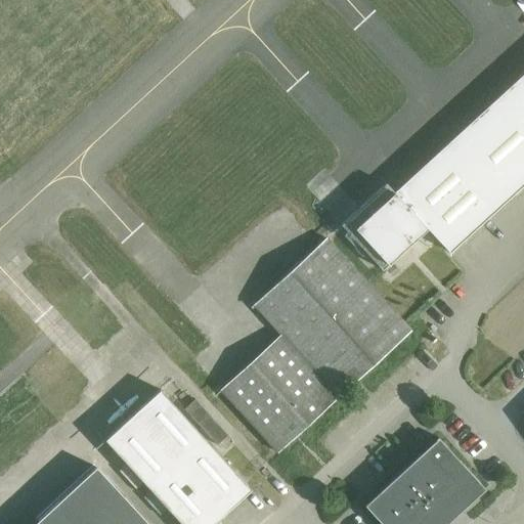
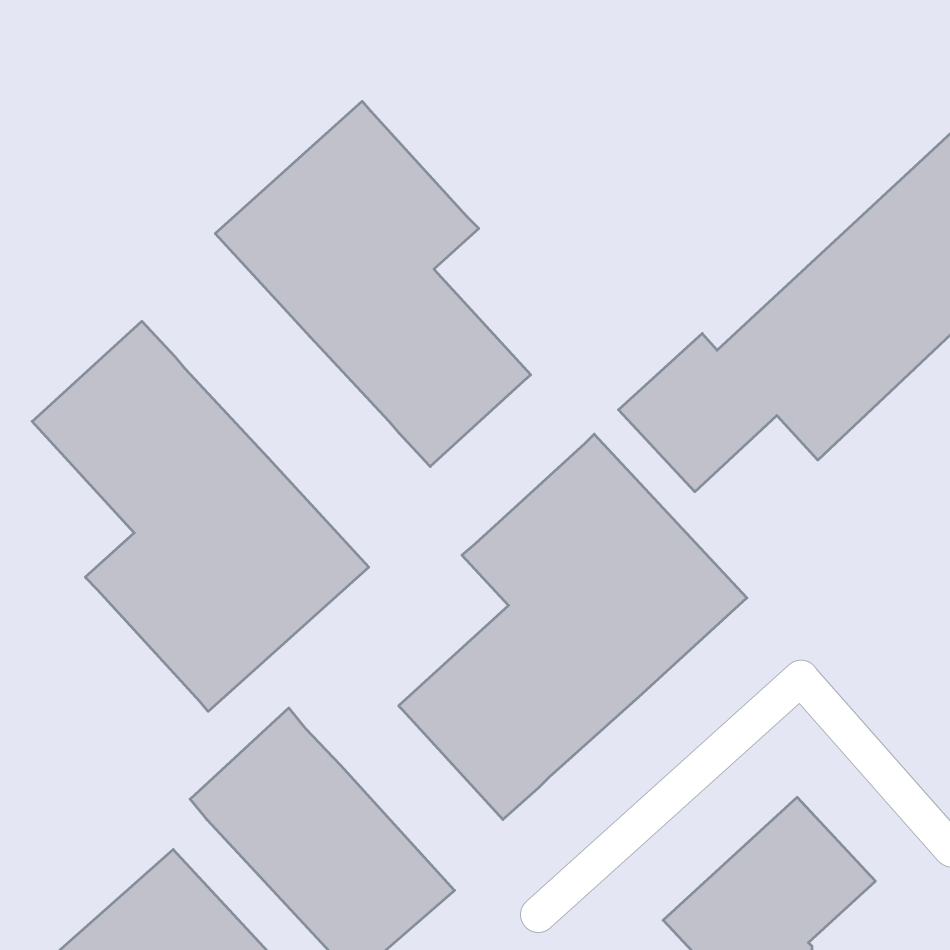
building: none -> [215,101,531,467]
building: none -> [32,321,369,711]

